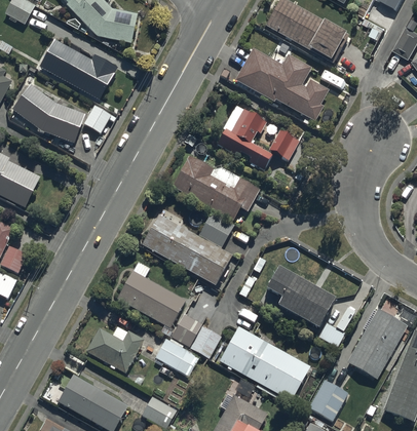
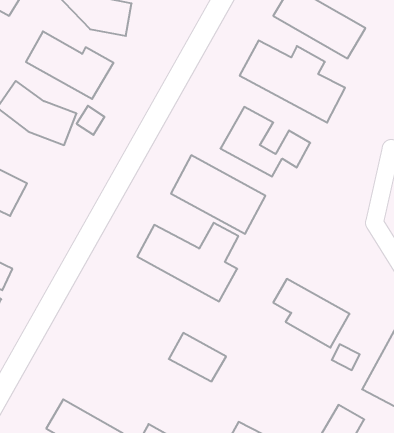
building: [117,270,186,326] -> none
building: [84,325,144,373] -> none
building: [219,325,310,399] -> none
building: [155,339,198,376] -> none

